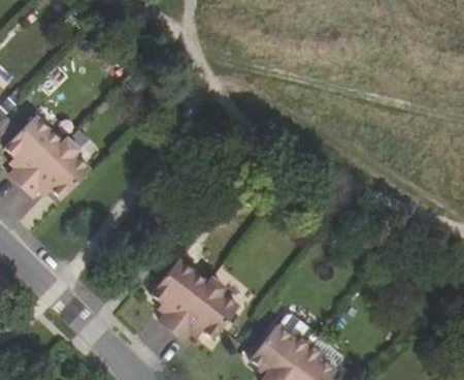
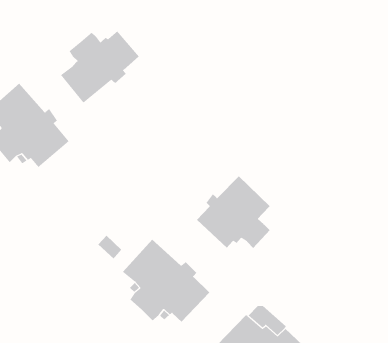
building: none -> [60,31,140,104]
building: none -> [196,175,271,249]

